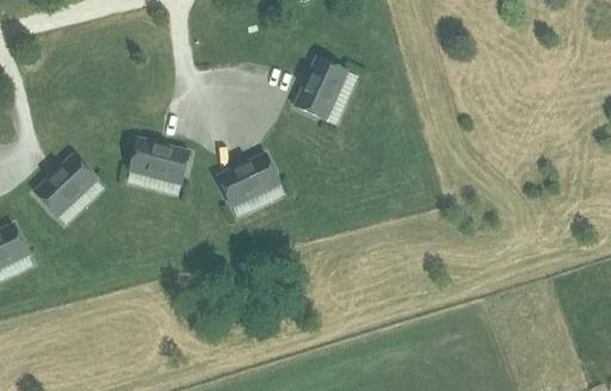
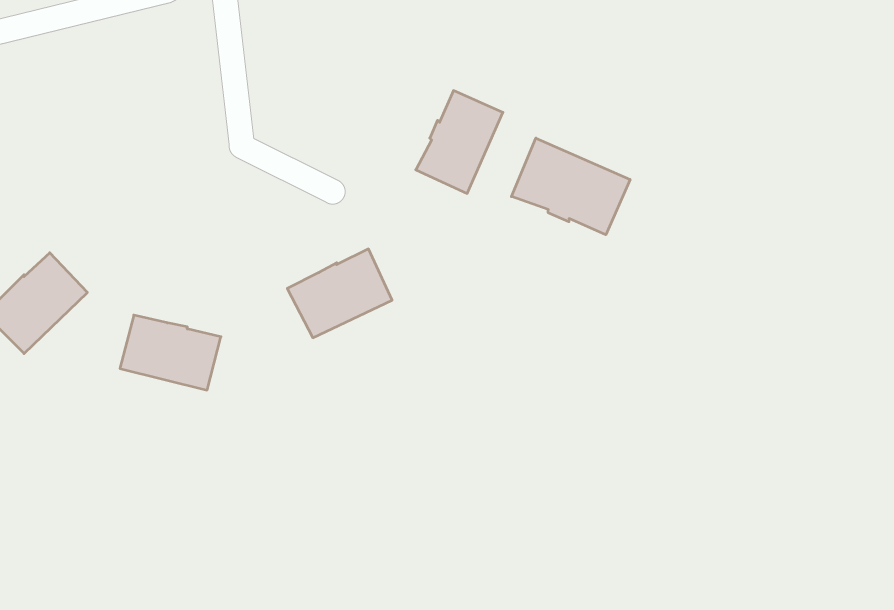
building: none -> [511,138,630,235]
building: [130,138,191,184] -> [120,315,221,390]

